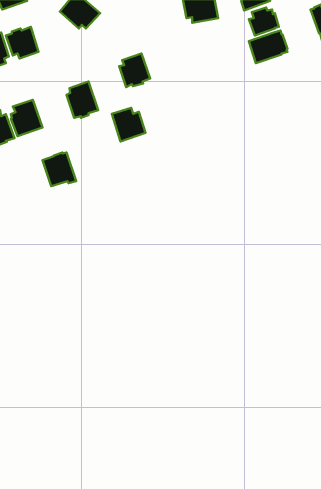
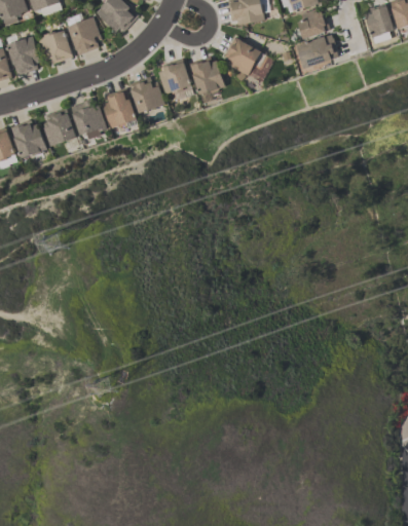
building: none -> [66,16,102,55]
building: none -> [223,37,268,76]
building: none -> [189,57,225,95]
building: [112,108,146,142] -> [128,77,164,113]
building: [42,152,76,186] -> [70,99,106,135]

